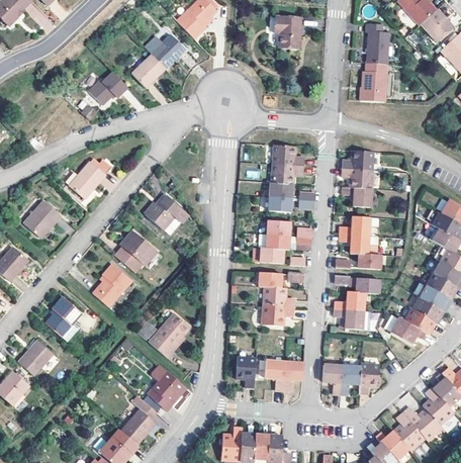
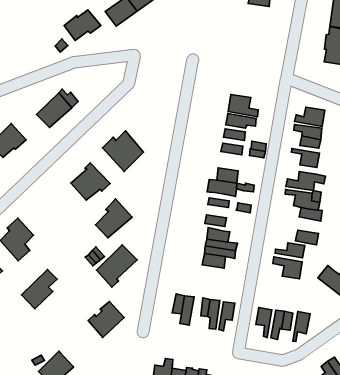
building: [93,263,130,304] -> [96,199,132,238]
building: [120,402,156,445] -> [22,270,57,309]

